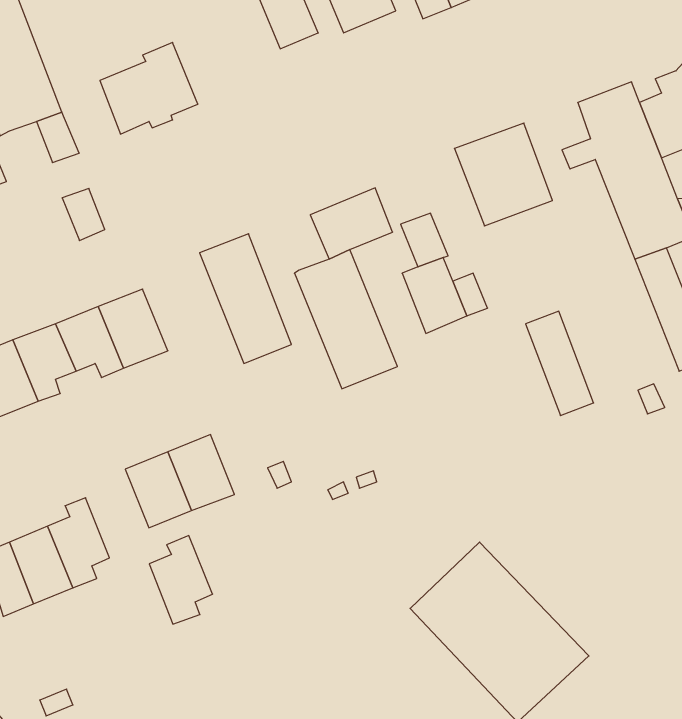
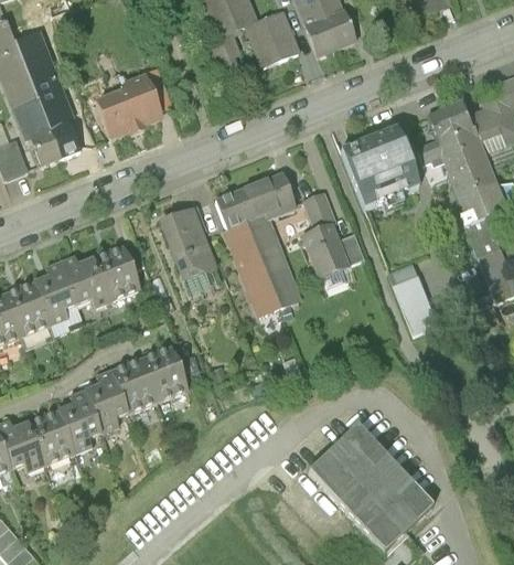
building: [62,188,105,241] -> [30,128,60,164]
building: none -> [219,193,253,232]
building: [149,536,213,624] -> [83,371,127,433]

